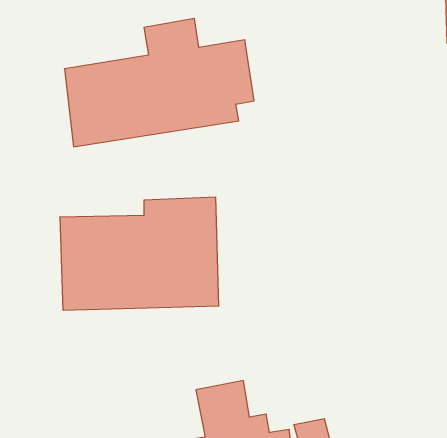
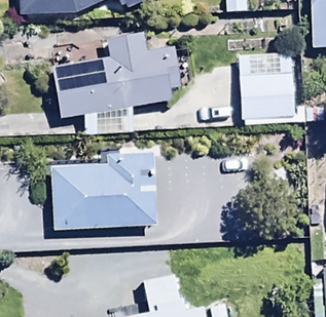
building: none -> [238,48,307,124]

